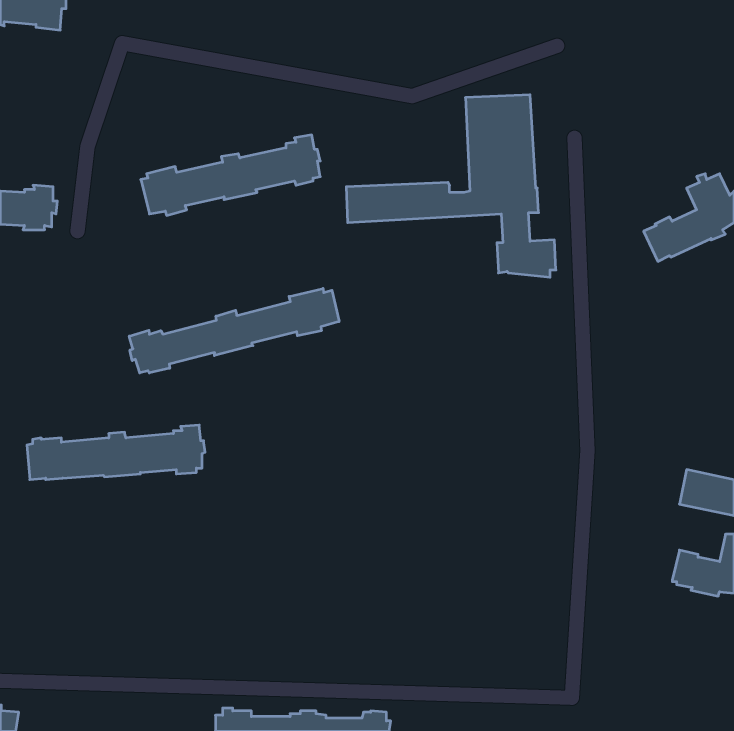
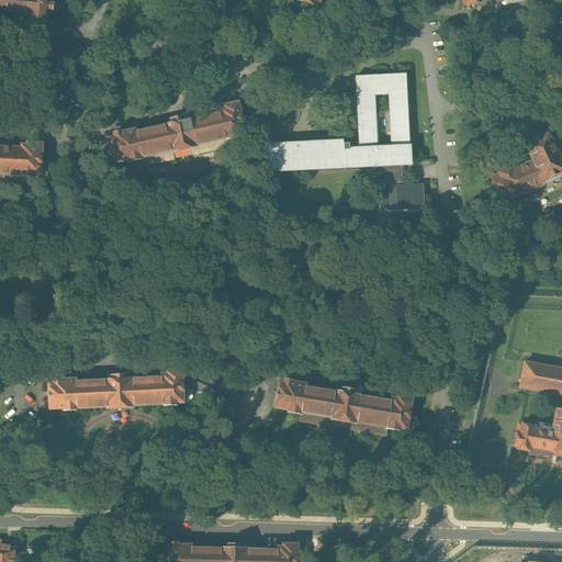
building: [129,288,339,373] -> none
building: [27,425,205,480] -> [47,369,183,411]
building: none -> [270,375,408,429]

